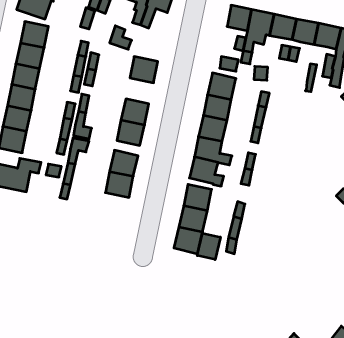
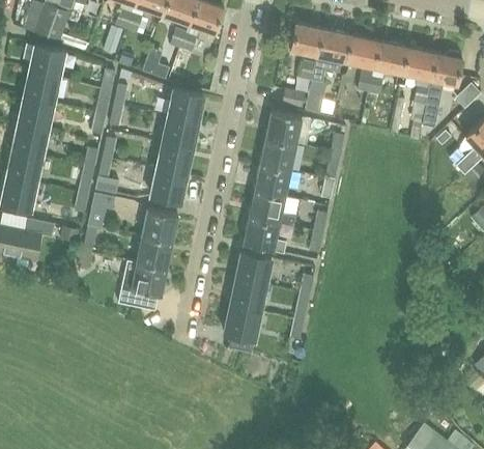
building: none -> [163,115,198,148]
building: none -> [119,259,167,306]
building: [197,233,220,260] -> none

